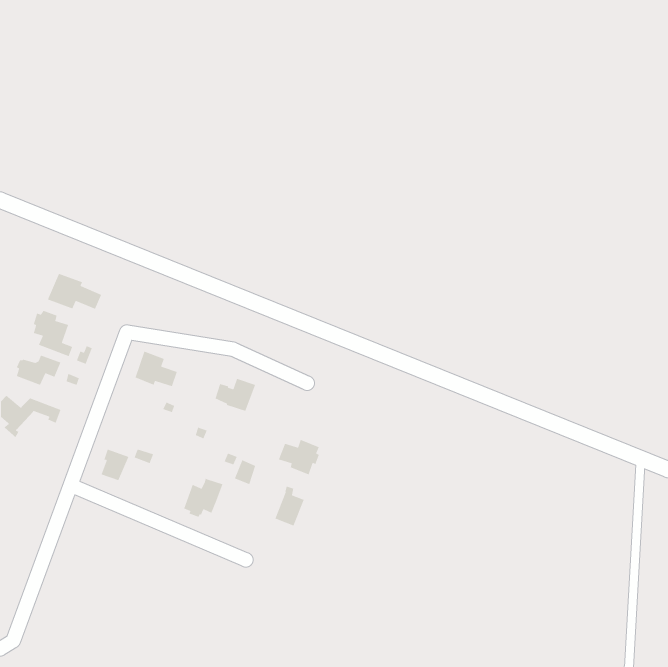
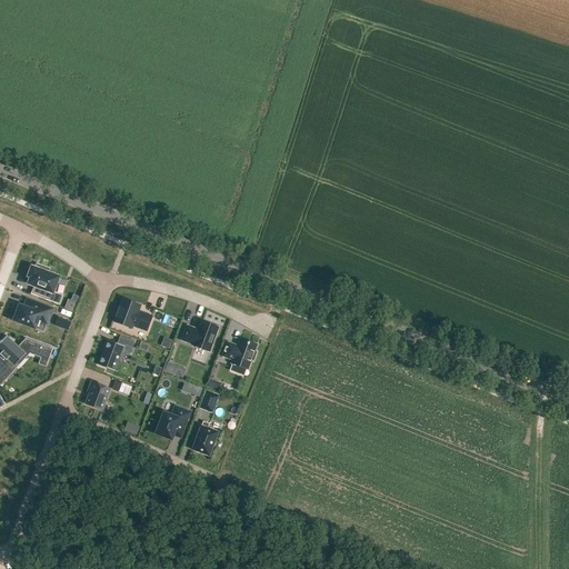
building: [47,273,102,310] -> none
building: none -> [98,335,134,370]
building: [278,439,320,476] -> [221,338,257,369]
building: [274,486,305,528] -> [192,420,218,456]

